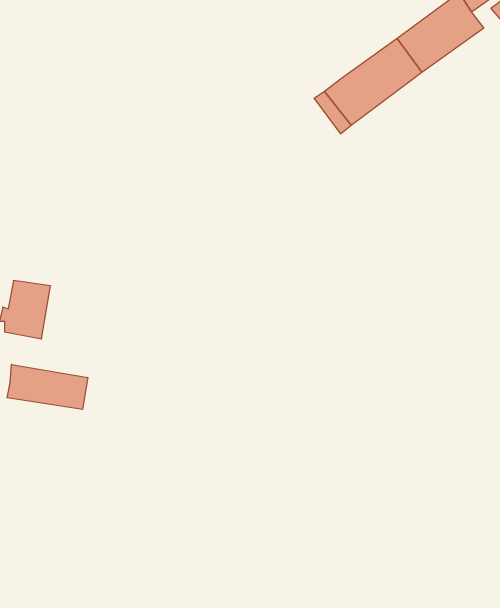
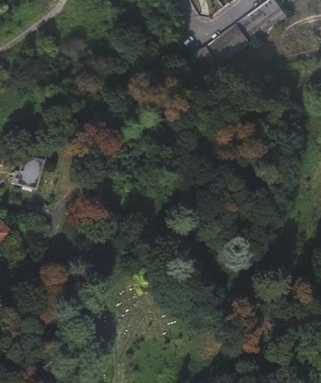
building: [7,364,88,409] -> none

